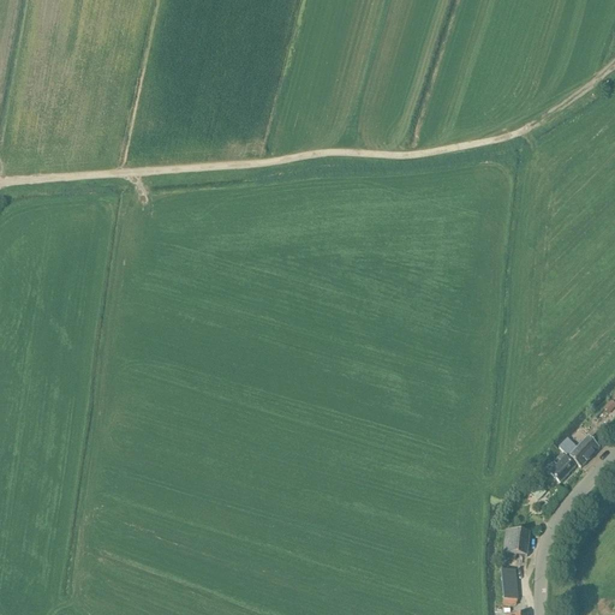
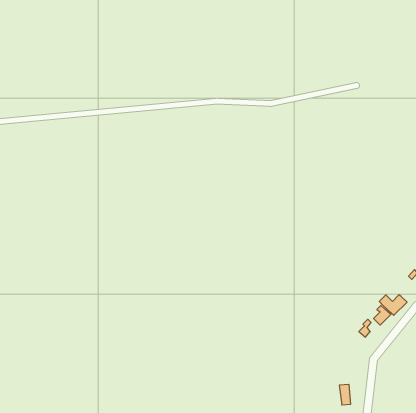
building: [503,526,531,553] -> none

